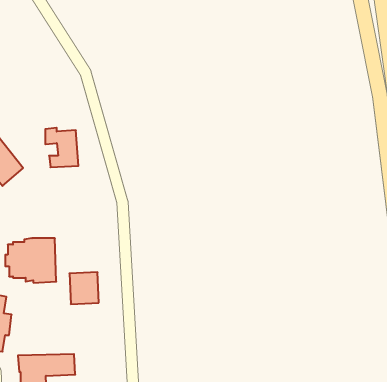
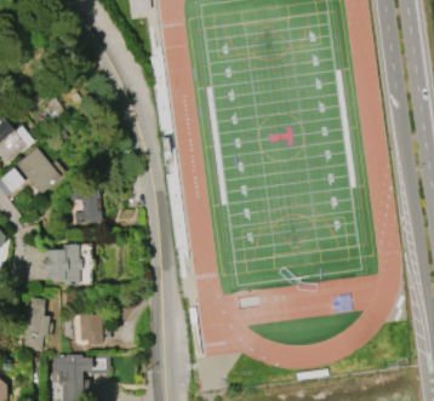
building: [45,128,78,167] -> [70,185,102,223]
building: [69,272,99,304] -> [74,314,102,344]

